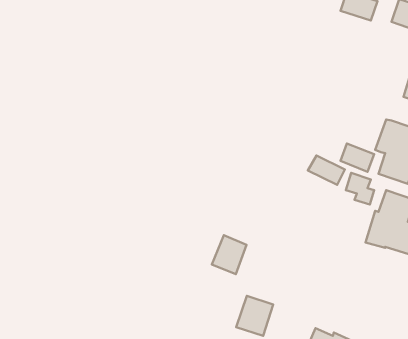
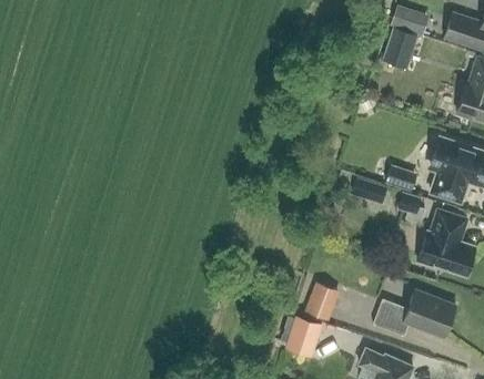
building: none -> [382,28,417,69]
building: [212,235,247,274] -> [304,283,340,322]
building: none -> [372,290,455,337]

